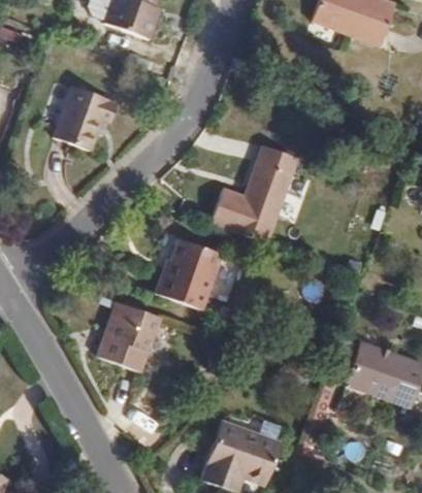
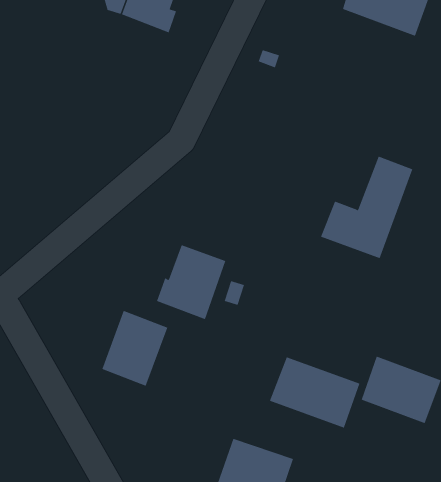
building: [48,86,112,150] -> none
building: [204,146,292,243] -> [320,156,413,259]
building: none -> [269,356,360,429]

